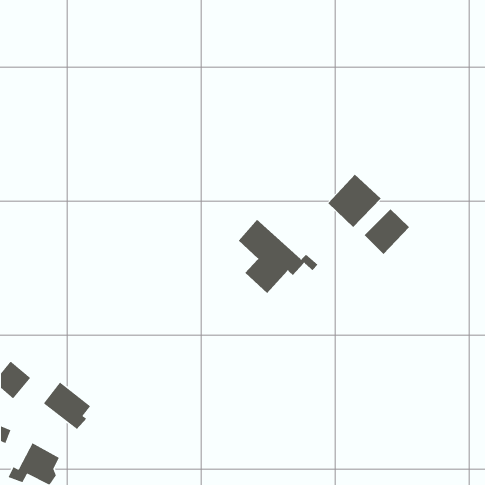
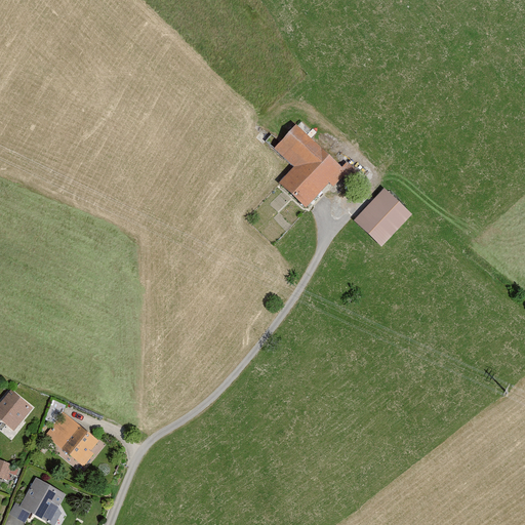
building: [364,208,410,255] -> none
building: [238,219,318,294] -> [274,124,361,205]

